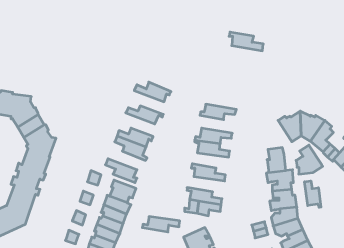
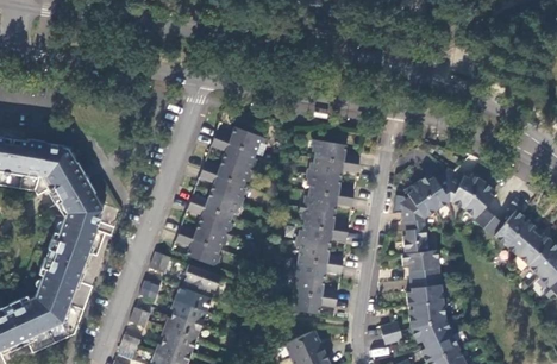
building: [229,32,263,51] -> [312,140,359,167]
building: none -> [213,140,258,174]
building: none -> [200,171,244,205]
building: none -> [306,175,353,200]
building: [296,145,323,174] -> [399,182,436,222]
building: none -> [179,225,231,251]
building: none -> [296,227,348,249]
building: [305,181,321,207] -> none
building: [142,217,180,232] -> [289,261,342,282]

